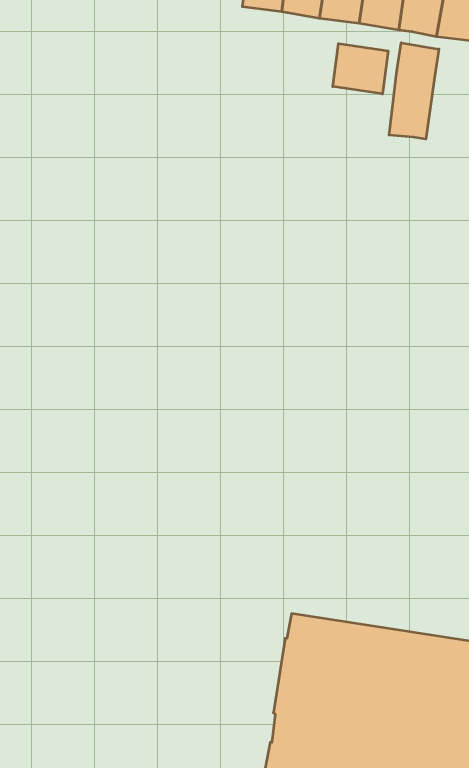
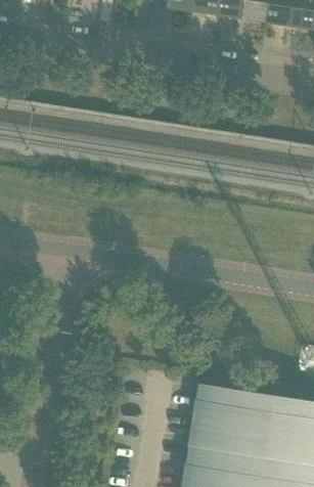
building: [389,43,439,139] -> none
building: [333,44,388,94] -> none

